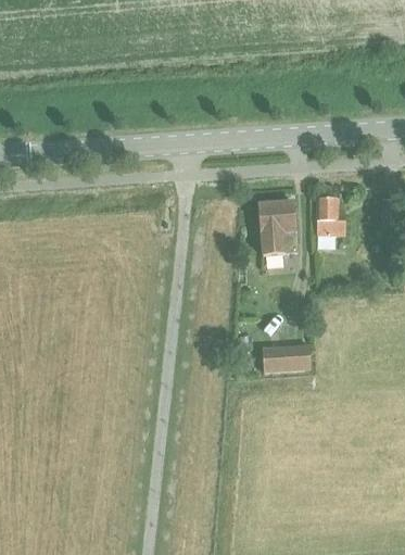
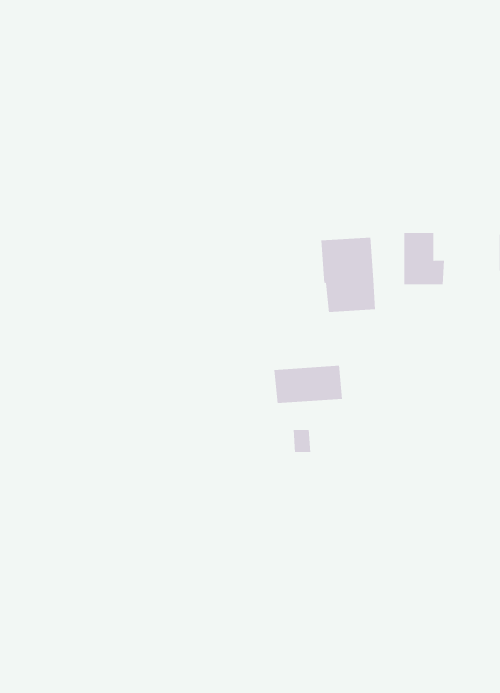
building: [262,344,311,371] -> [274,365,343,404]

